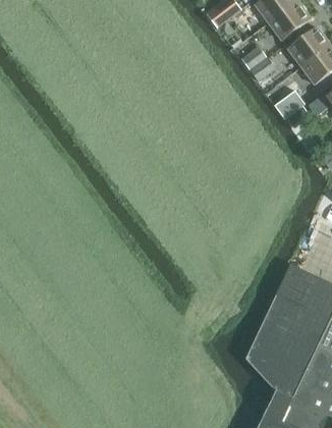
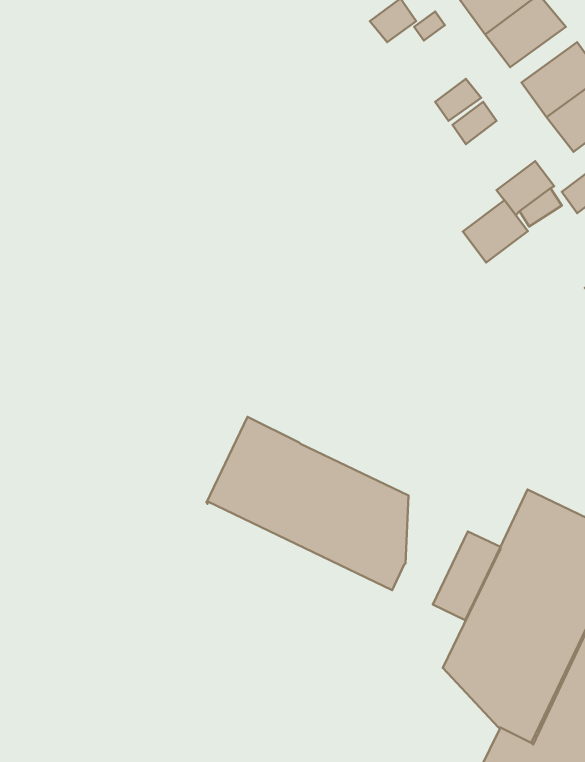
building: none -> [463,200,528,262]
building: none -> [206,417,409,590]
building: none -> [433,531,500,620]

